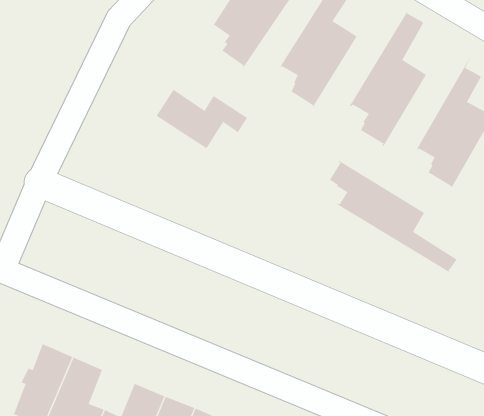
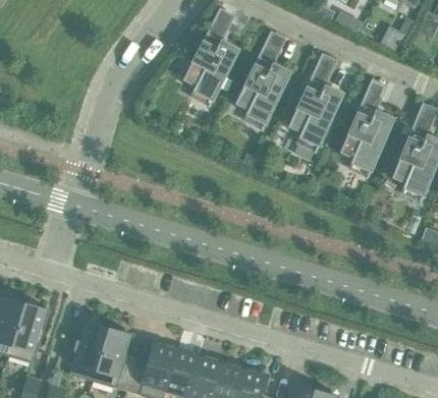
building: [156,89,248,149] -> none
building: [329,160,457,274] -> none

